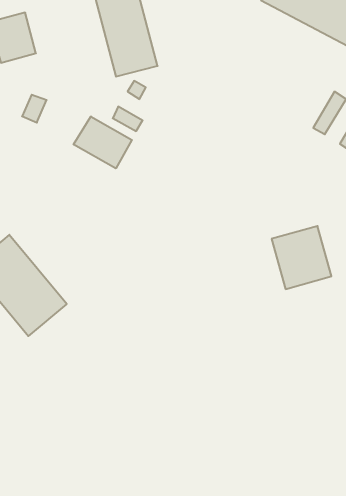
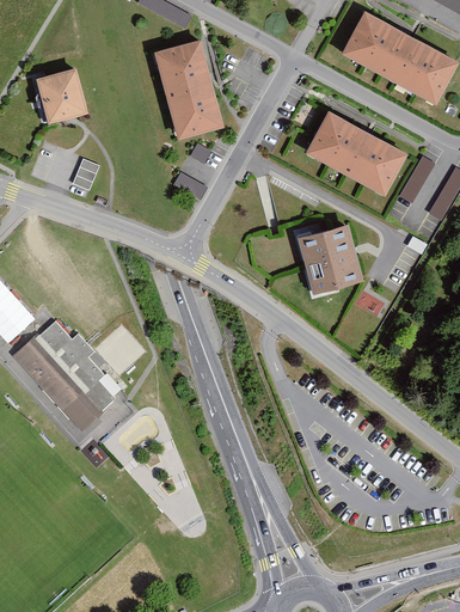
building: none -> [305,111,407,197]
building: [74,116,132,168] -> none
building: [272,226,331,289] -> [296,225,363,295]

